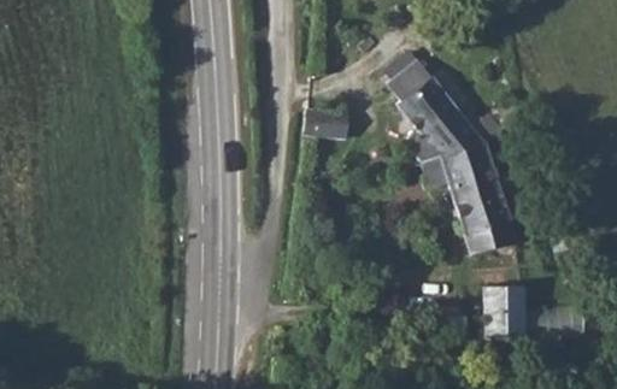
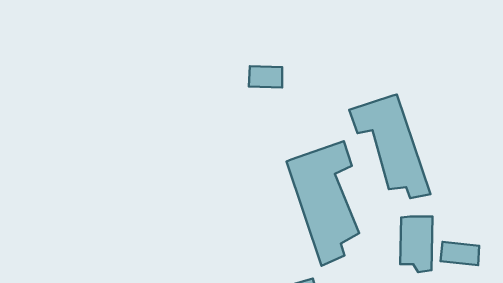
building: [388,61,477,158] -> none
building: none -> [286,141,359,266]

